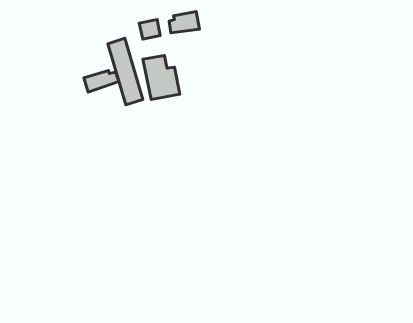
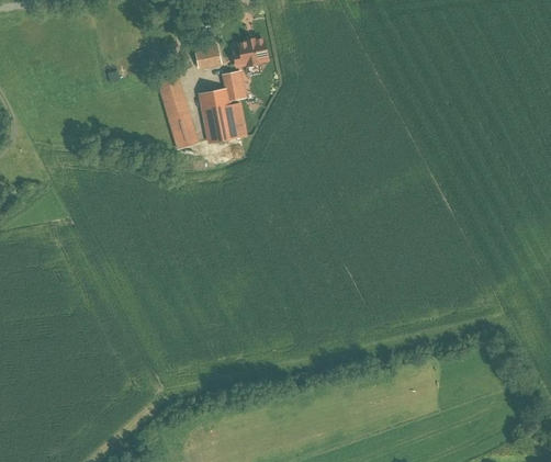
building: none -> [225,72,256,101]
building: [84,71,119,92] -> none

